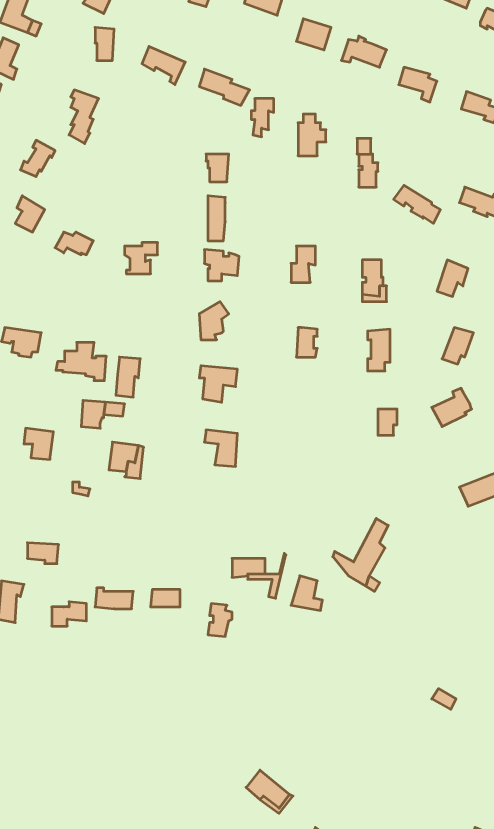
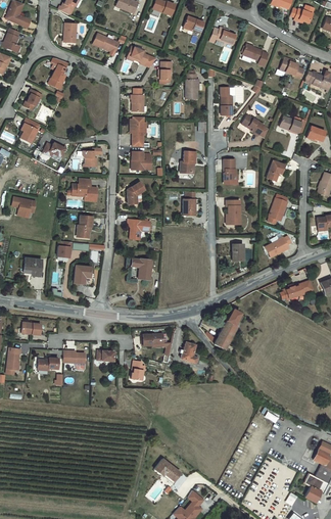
building: [56,342,106,381] -> [66,178,96,200]

